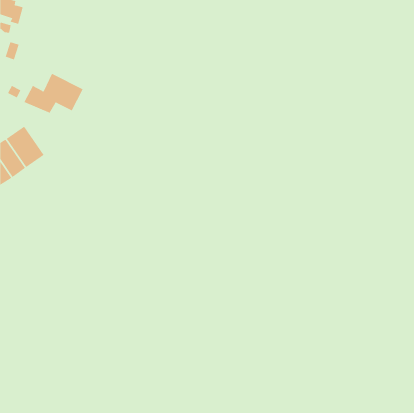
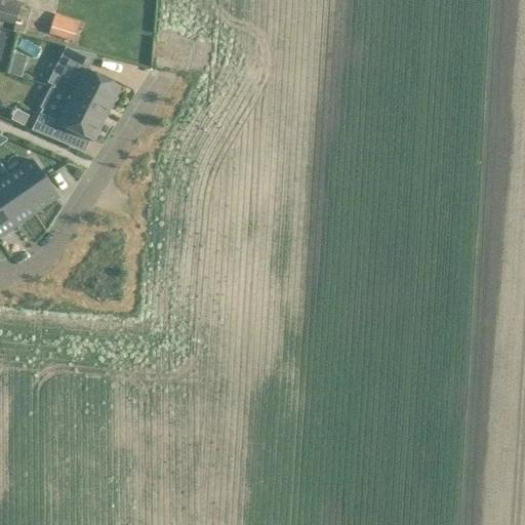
building: none -> [47,12,78,41]
building: none -> [46,48,119,113]

